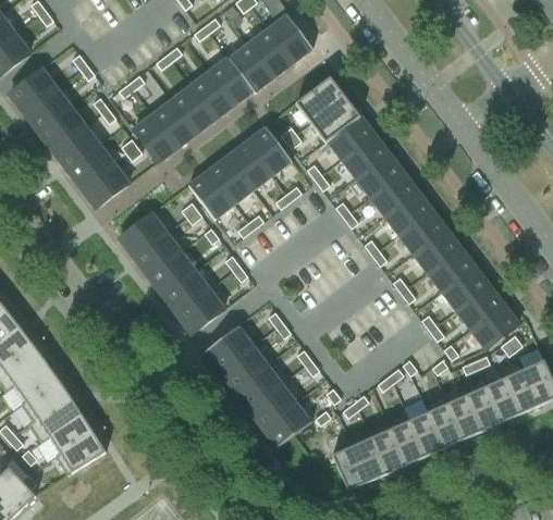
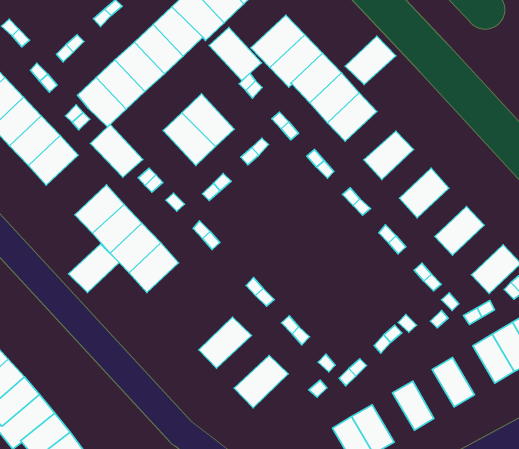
building: [246,126,292,175] -> [209,28,261,81]
building: [188,170,234,219] -> [90,124,143,177]
building: [371,173,418,215] -> [345,36,396,85]
building: [401,211,446,253] -> none
building: [429,249,475,292] -> none
building: [457,286,504,330] -> none
building: [177,290,224,333] -> [69,244,119,292]
building: [204,325,253,371] -> none
building: [233,363,282,409] -> none
building: [447,394,483,438] -> none
building: [262,401,311,447] -> none
building: [409,411,444,456] -> none
building: [370,429,406,473] -> none

